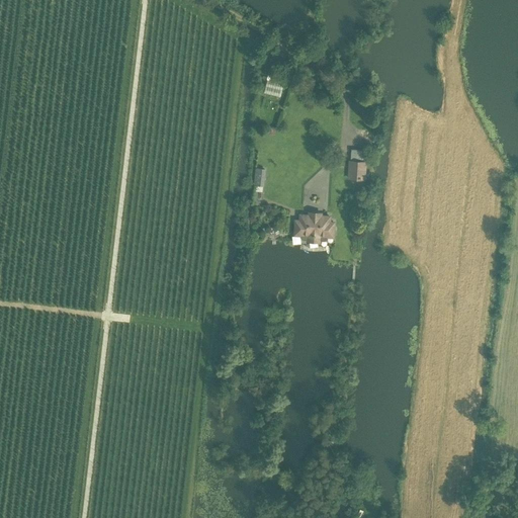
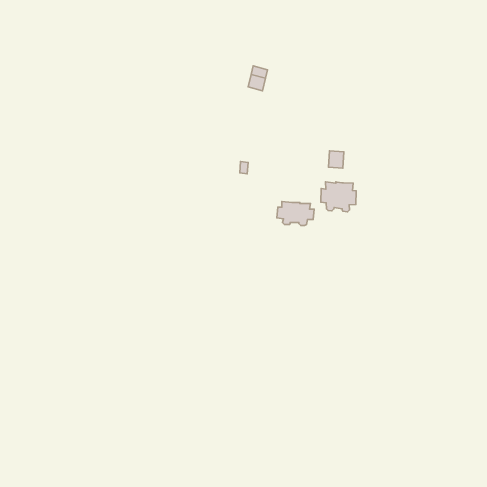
building: none -> [321,182,356,212]

